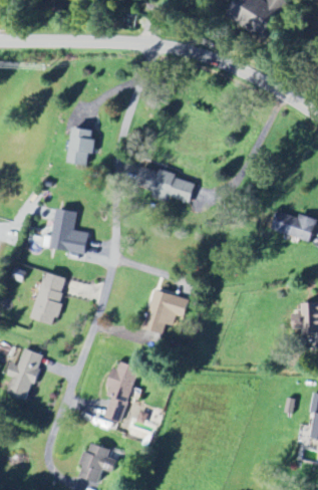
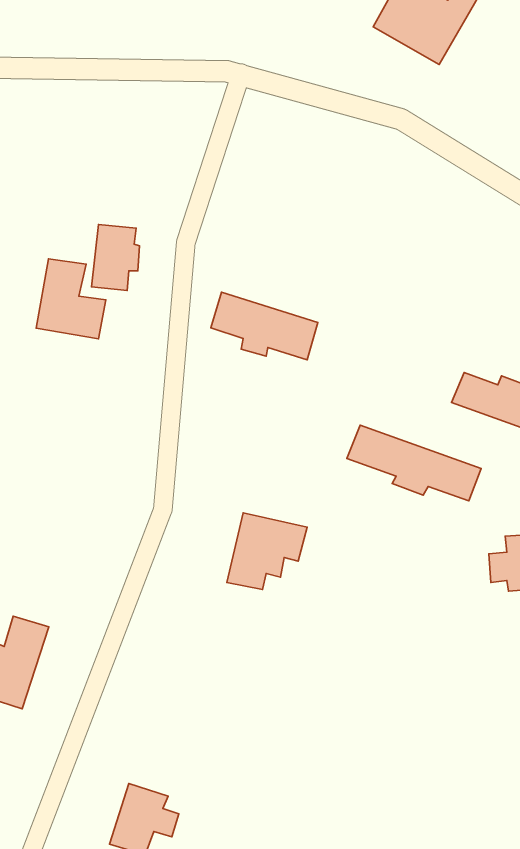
building: [49,209,88,254] -> [36,259,106,339]
building: none -> [347,425,481,501]
building: [31,272,67,325] -> none
building: [104,361,139,423] -> none

